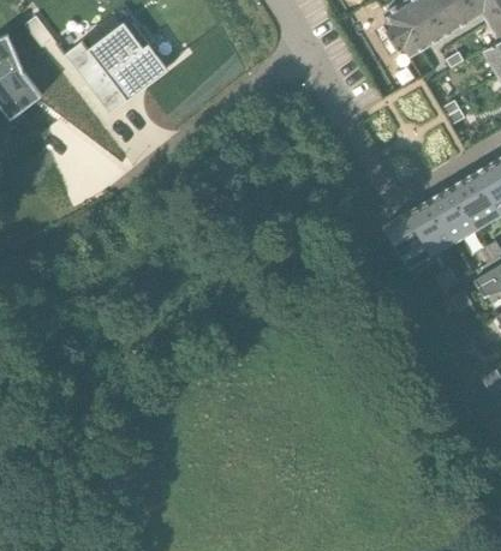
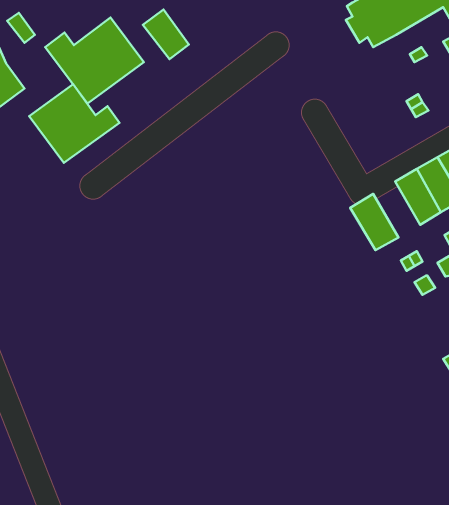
building: none -> [143,9,189,59]
building: none -> [29,84,119,163]
building: [407,194,457,253] -> none

